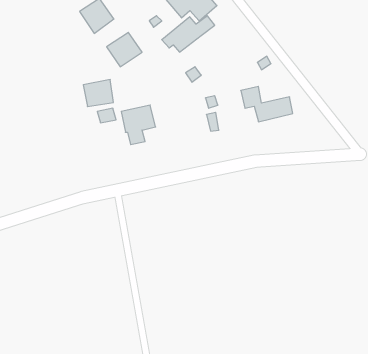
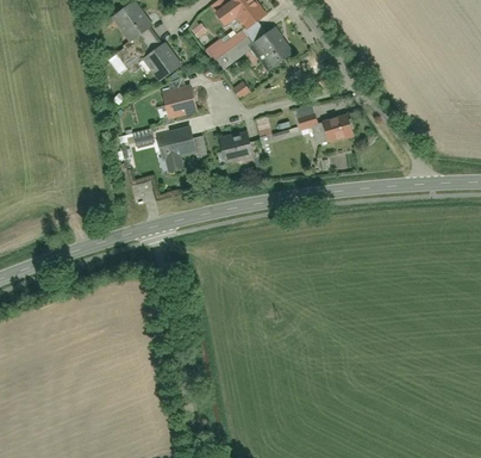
building: none -> [250,26,293,69]
building: [83,80,113,107] -> [164,86,199,117]
building: none -> [220,131,257,161]

